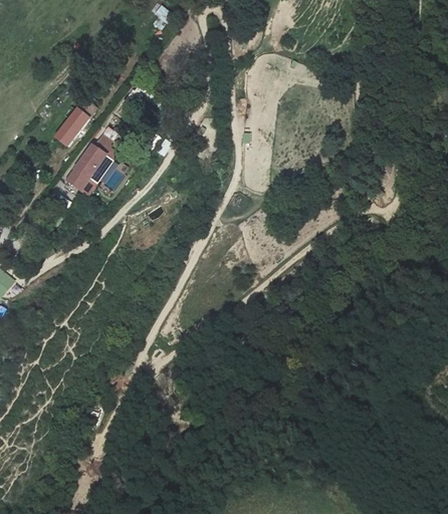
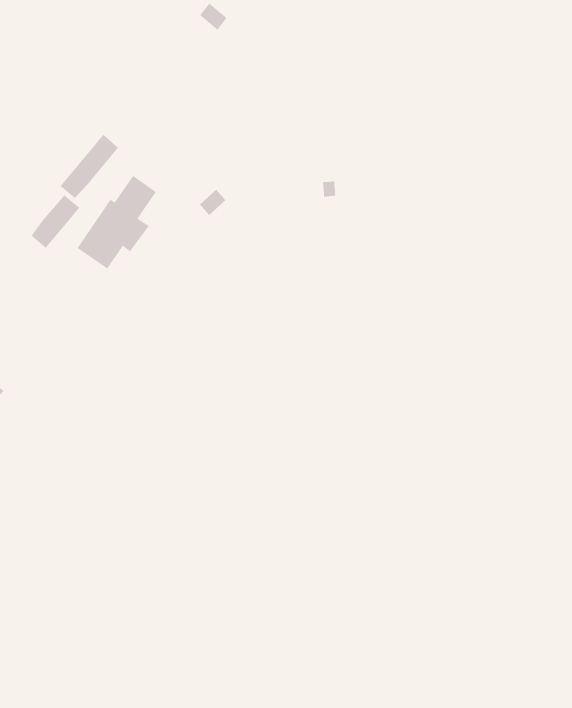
building: none -> [30,194,81,249]

